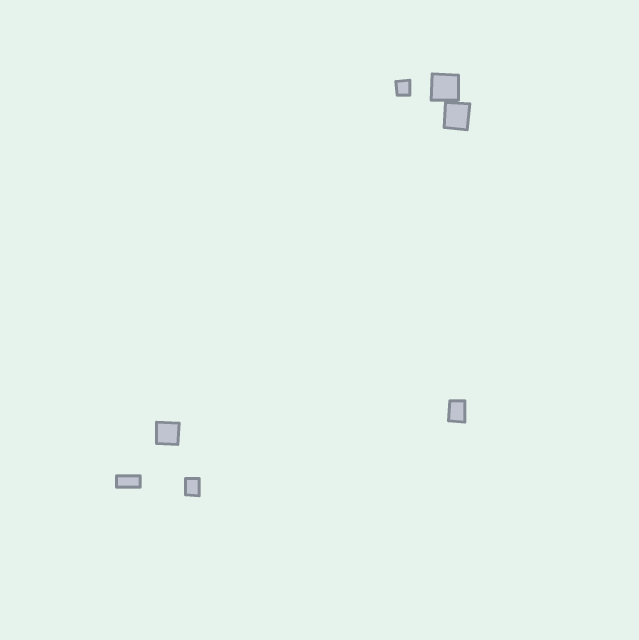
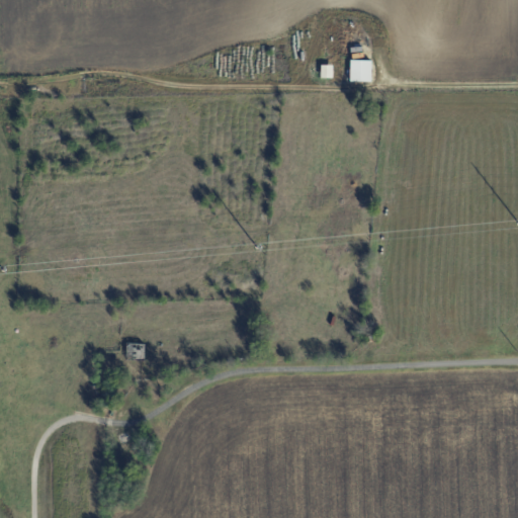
building: [444,103,470,130] -> none

